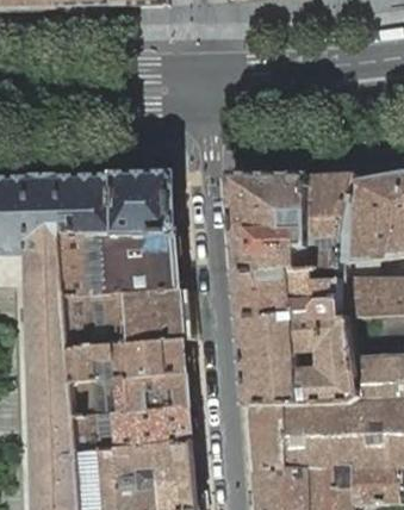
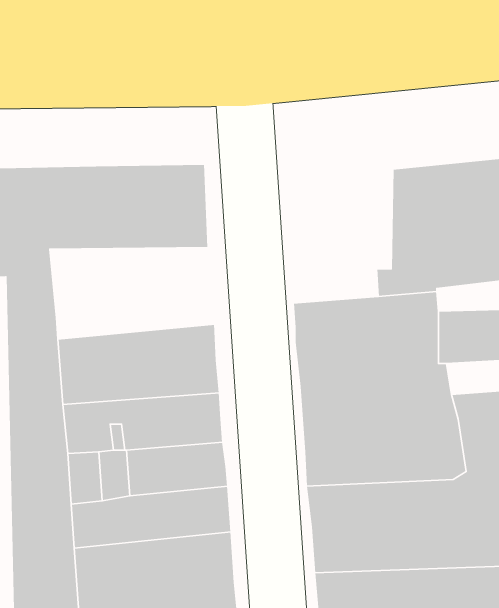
building: [230,174,309,273] -> none
building: [58,232,179,299] -> none

